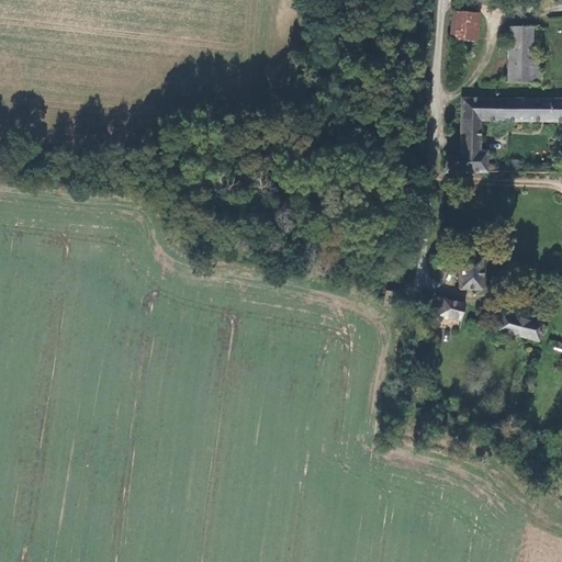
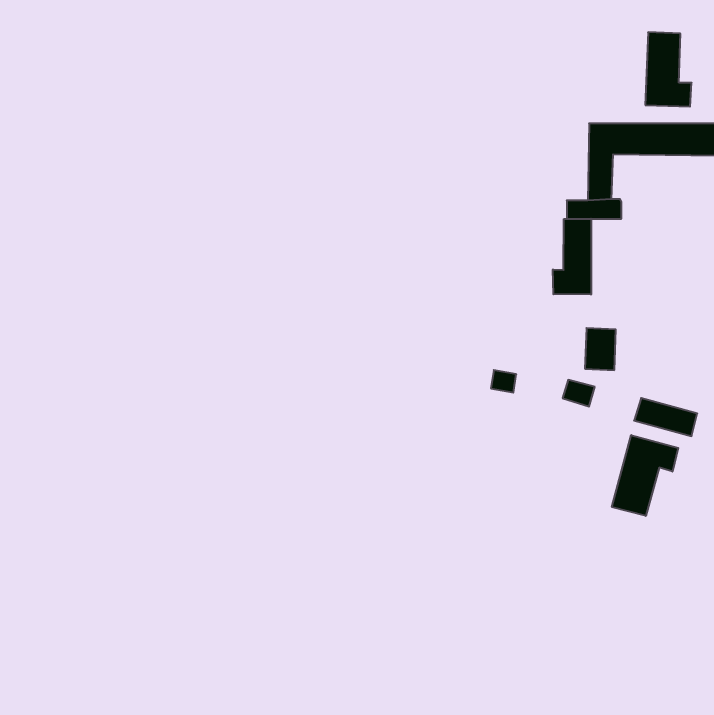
building: [451,9,482,41] -> none
building: none -> [553,219,591,295]
building: none -> [612,435,678,516]

